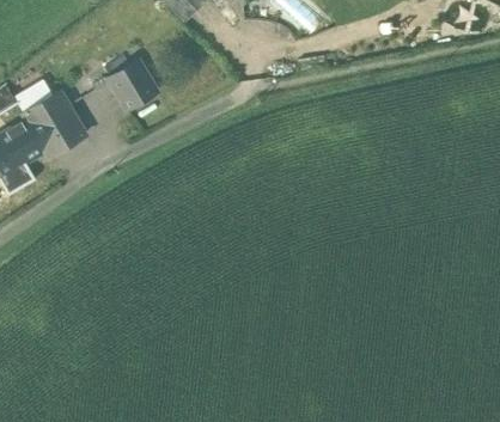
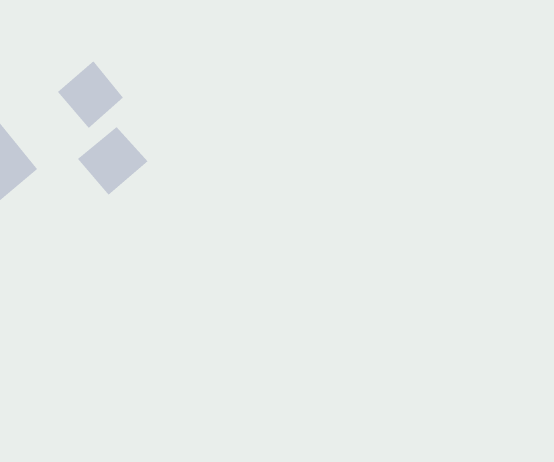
building: none -> [77,126,149,196]

